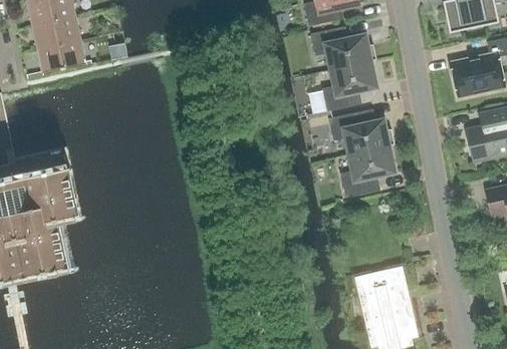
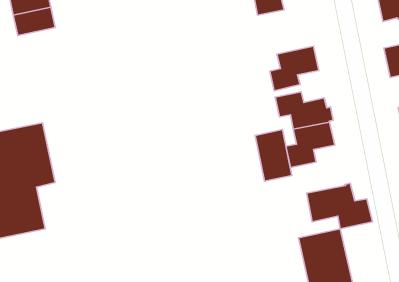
building: [310,28,375,70] -> none
building: [38,40,85,73] -> none
building: none -> [255,130,292,181]
building: none -> [306,183,372,229]

